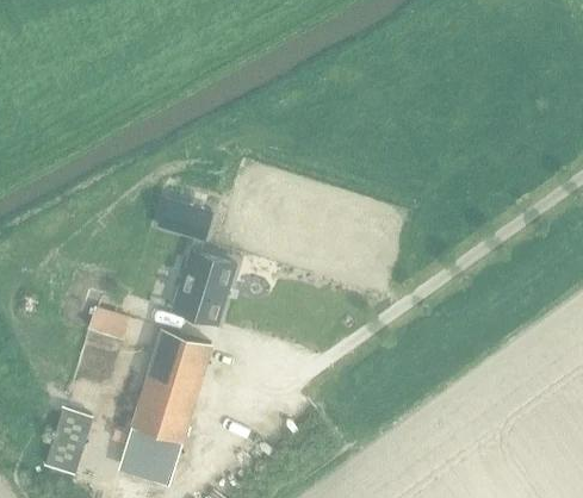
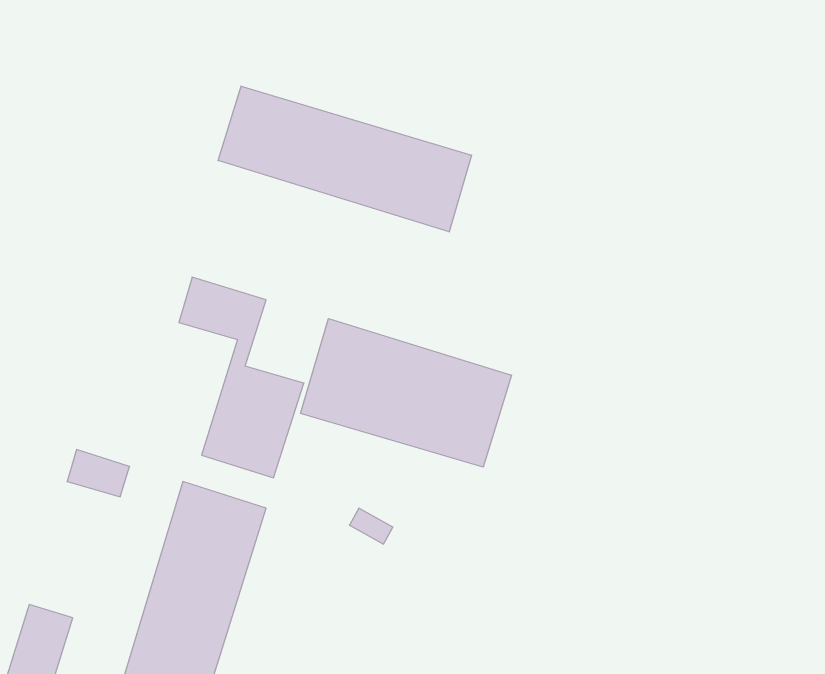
building: none -> [218,86,472,232]
building: none -> [301,319,511,467]

